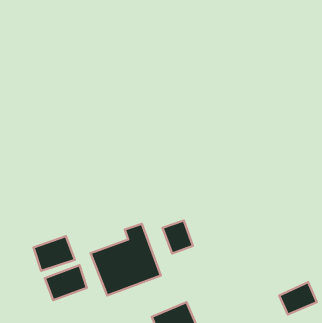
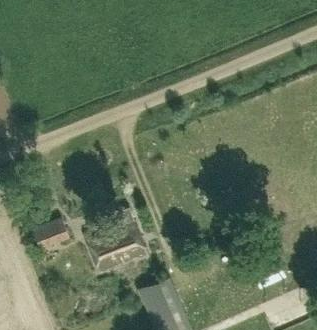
building: [163,221,193,254] -> none
building: [45,265,87,300] -> none

